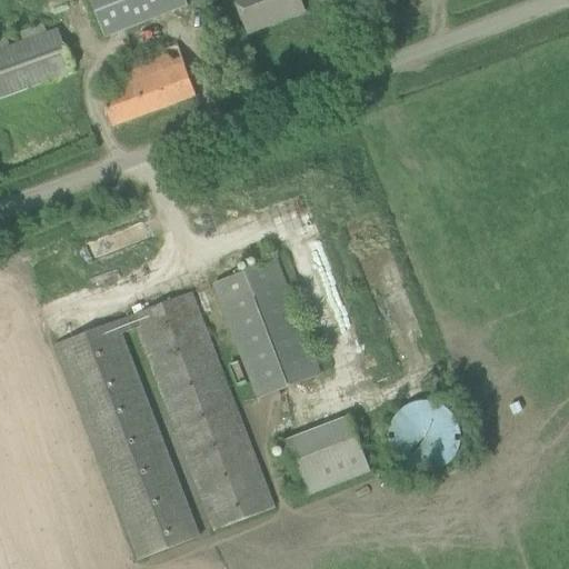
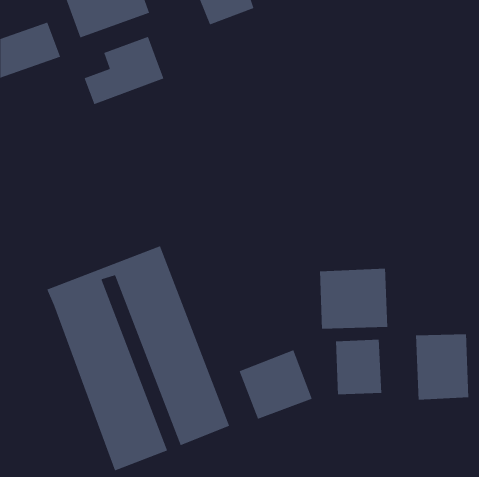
building: [214,258,317,396] -> none
building: none -> [319,268,388,330]
building: none -> [415,334,469,400]

